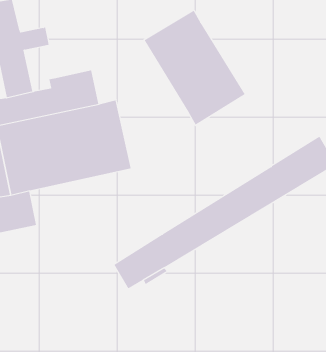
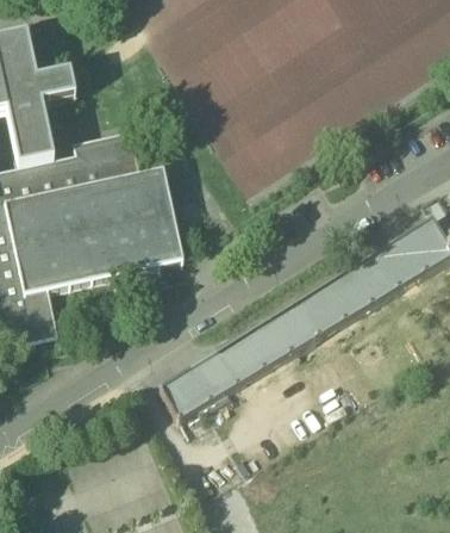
building: [144,10,245,126] -> none

